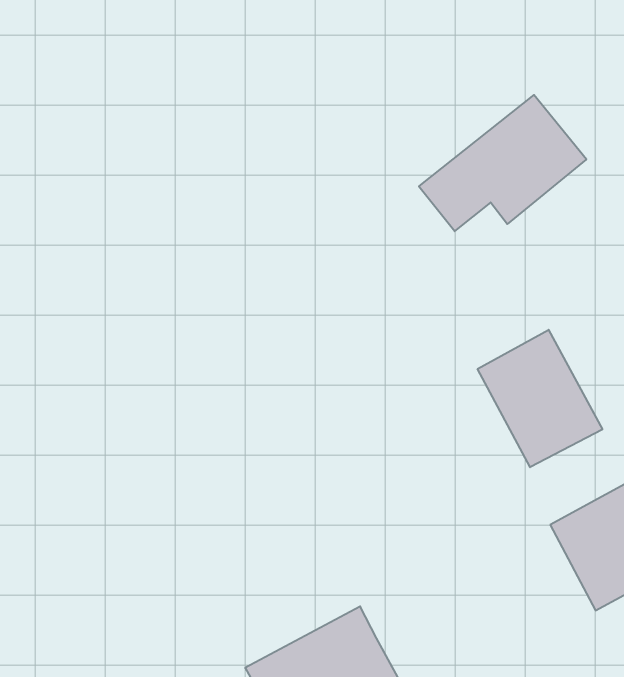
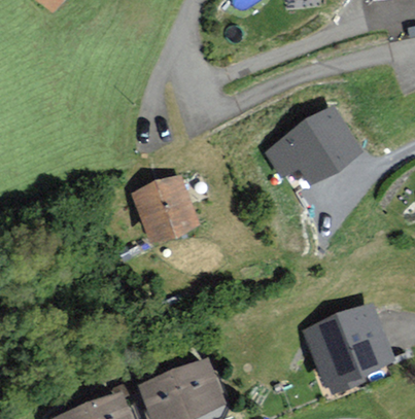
building: none -> [139,178,195,239]
building: [478,330,602,467] -> none

